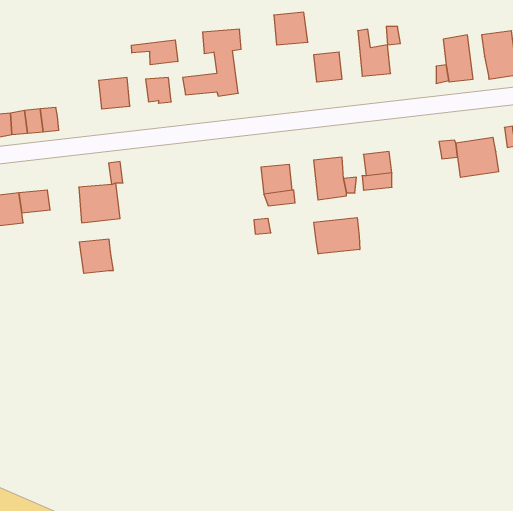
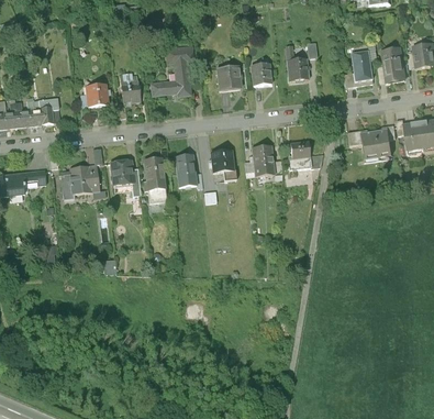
building: [274,12,308,45] -> [214,65,241,90]
building: [131,40,178,65] -> none
building: none -> [174,153,196,187]
building: none -> [142,157,165,191]
building: [314,218,360,254] -> none
building: [79,239,113,273] -> [108,159,134,186]

